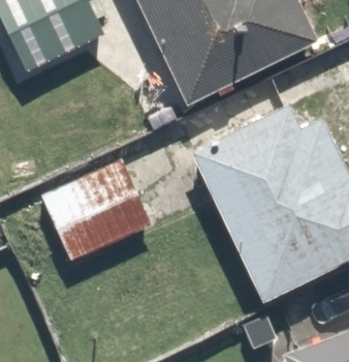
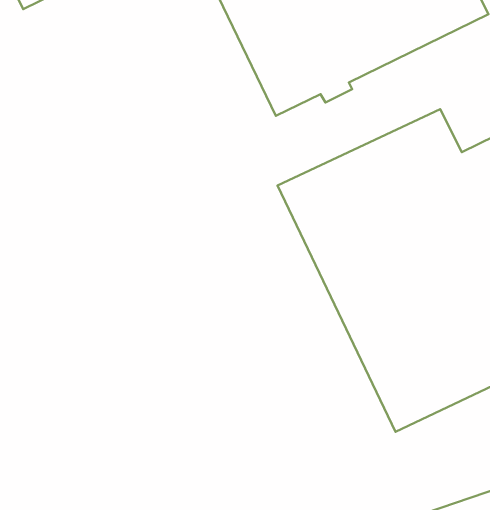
building: [41,161,152,264] -> none

